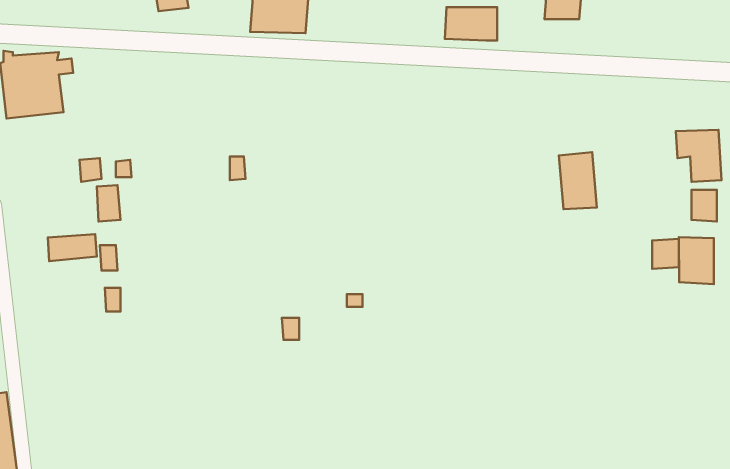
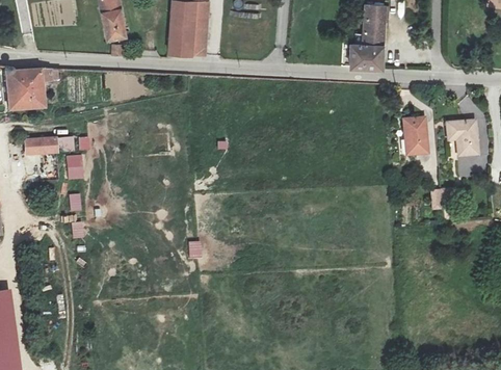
building: [445,7,497,40] -> [350,45,385,67]
building: [559,152,597,209] -> [403,116,428,154]
building: [48,234,97,261] -> [25,137,57,155]
building: [679,237,714,284] -> none

